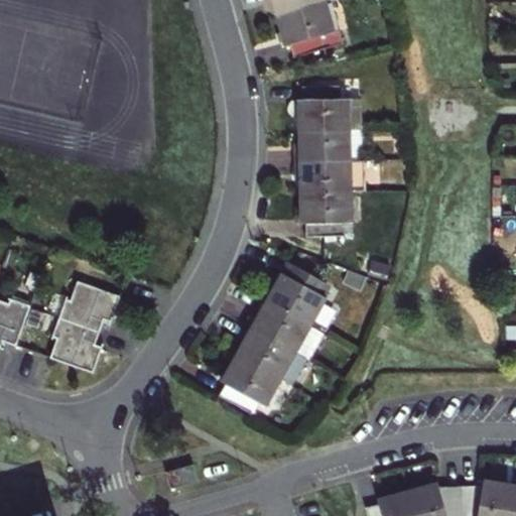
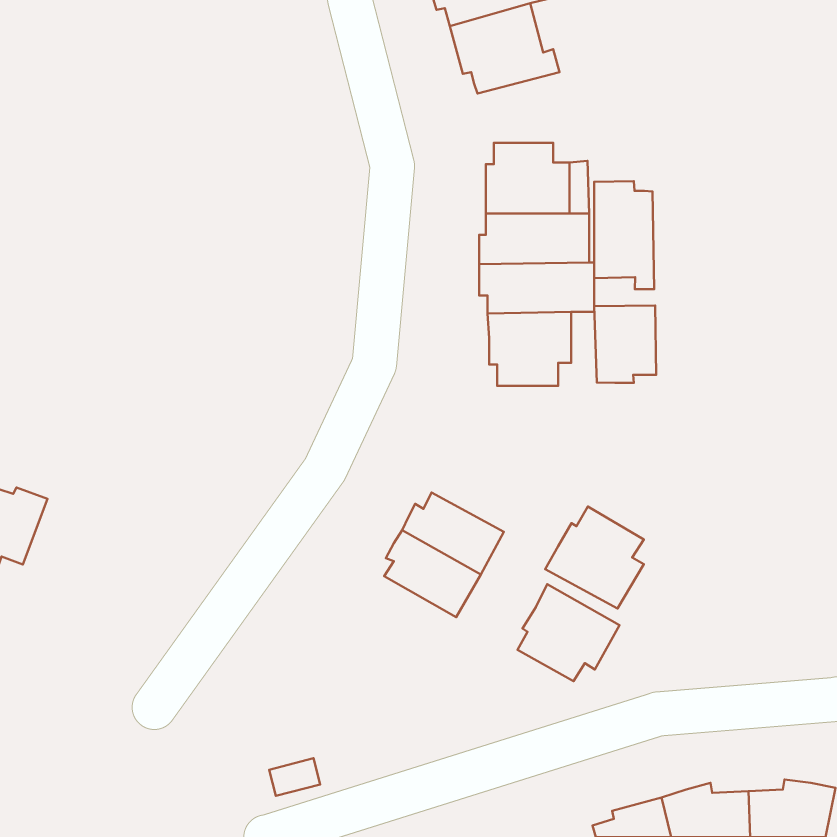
building: none -> [594,181,654,289]
building: none -> [594,305,656,383]
building: [265,264,326,327] -> [545,507,644,608]
building: [47,283,119,375] -> none
building: [218,354,280,413] -> [518,584,619,681]

